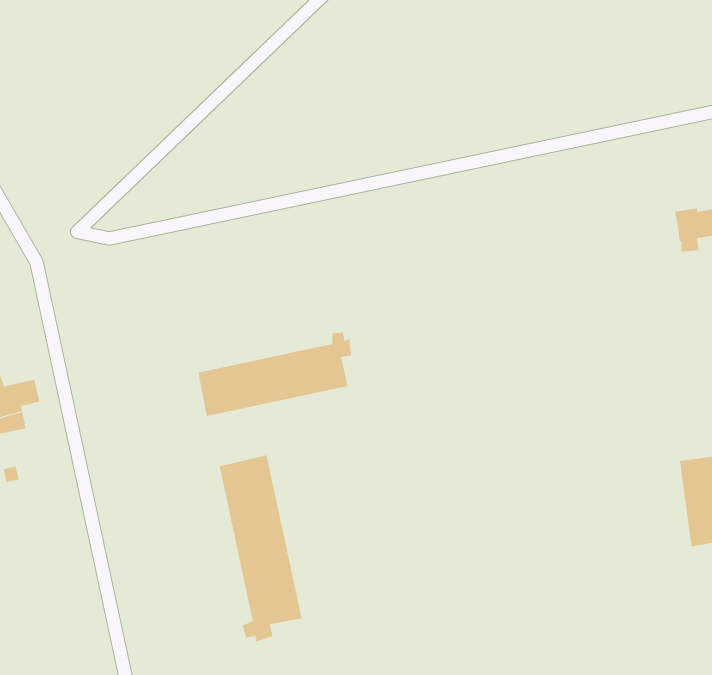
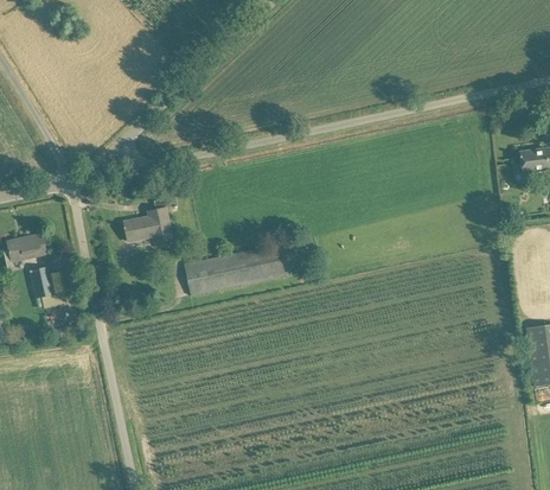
building: none -> [121,196,175,241]
building: [219,454,302,642] -> none

